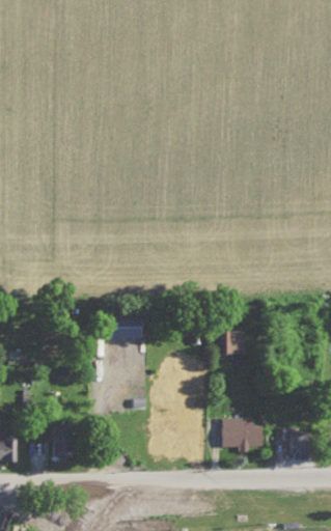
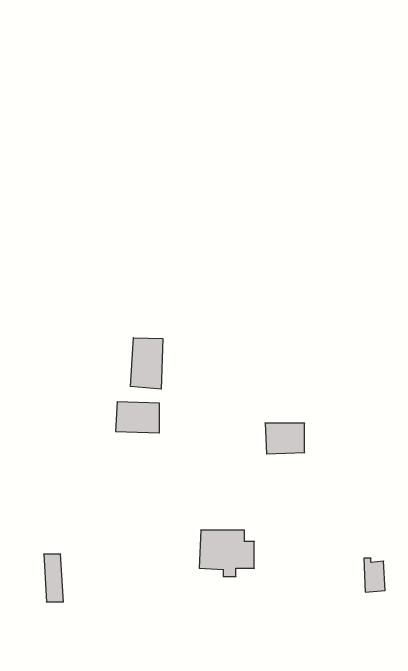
building: none -> [130,338,163,389]
building: [224,419,265,453] -> [199,530,254,577]

